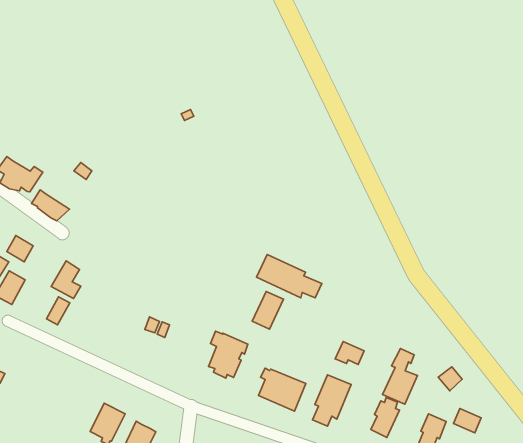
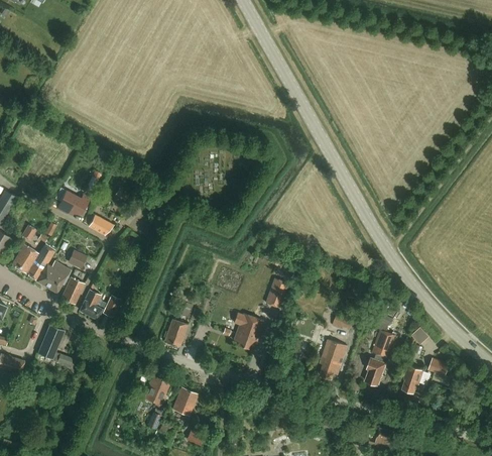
building: [257,255,322,298] -> none
building: [51,261,81,299] -> [79,290,102,319]
building: none -> [162,318,188,347]
building: [258,368,306,411] -> none

